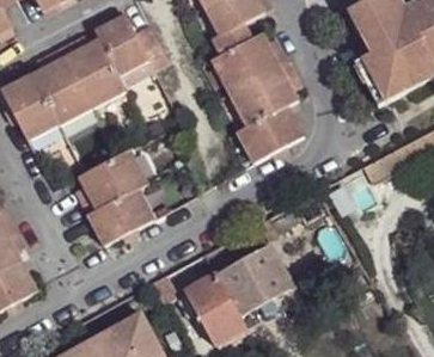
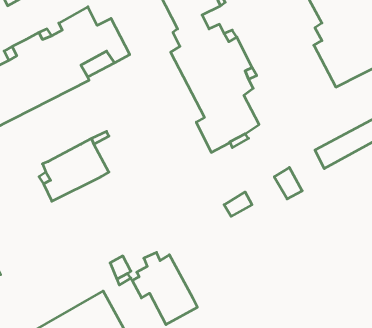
building: [88,190,154,246] -> none
building: [209,241,285,314] -> none

